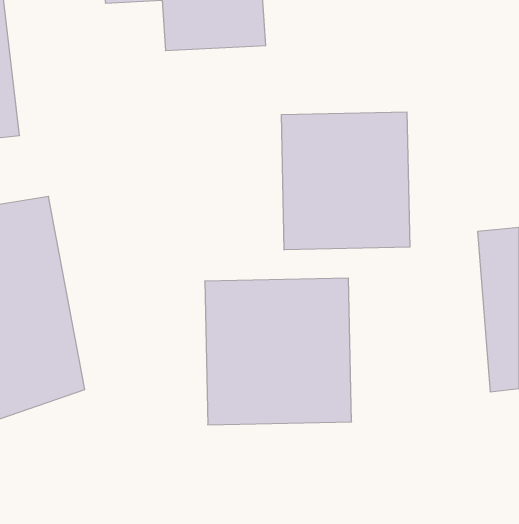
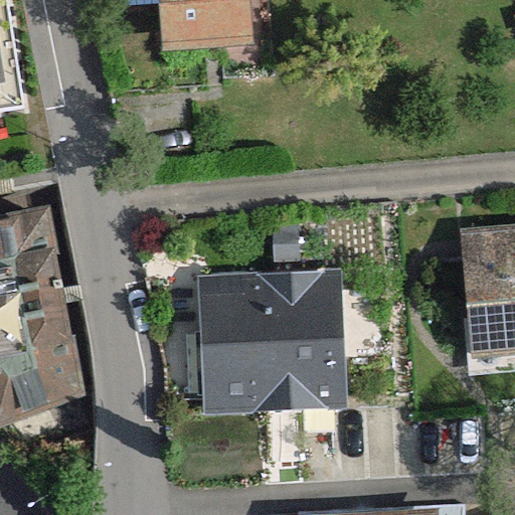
building: [281,112,410,250] -> none

